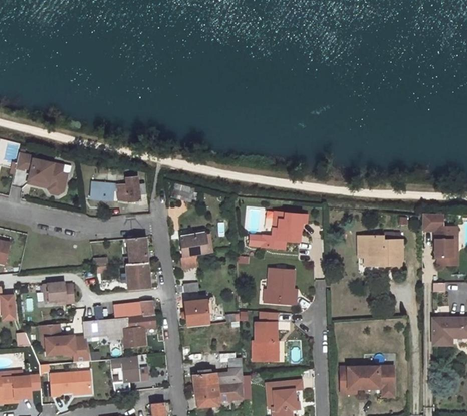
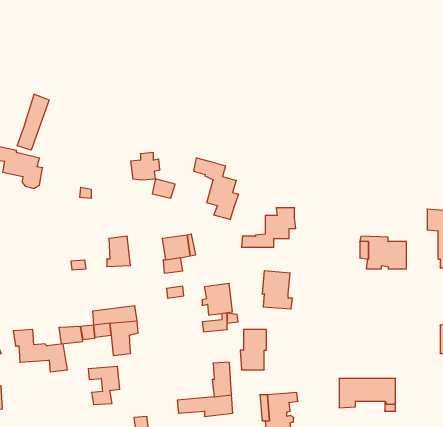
building: none -> [17,94,49,150]
building: none -> [194,158,238,220]
building: [117,178,144,203] -> [131,153,160,180]
building: [122,264,151,291] -> none
building: [43,282,74,304] -> none
building: [179,300,207,329] -> [202,284,232,315]
building: [47,371,88,396] -> none
building: [189,372,225,388] -> none

